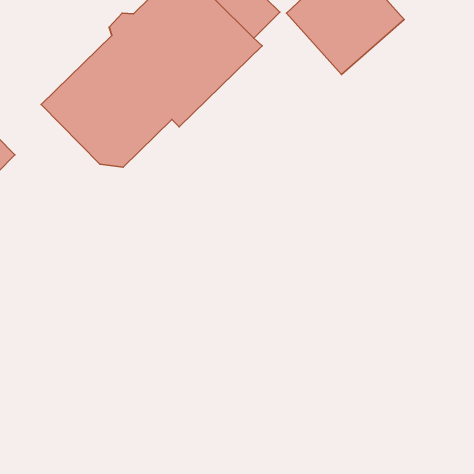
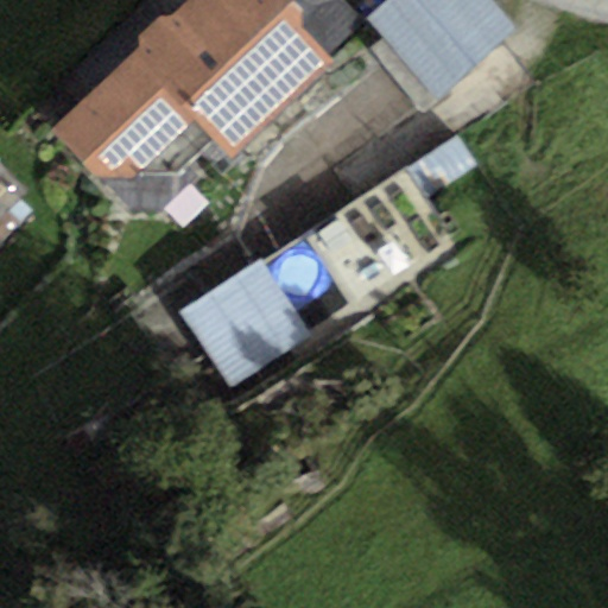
building: none -> [178,170,448,385]

